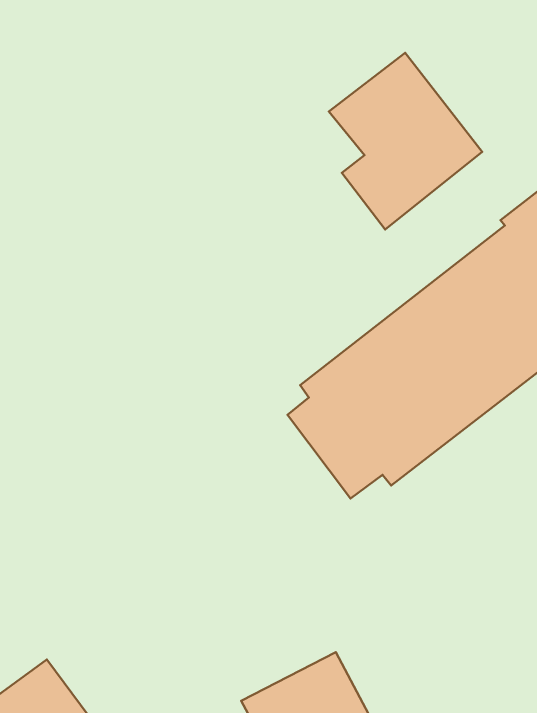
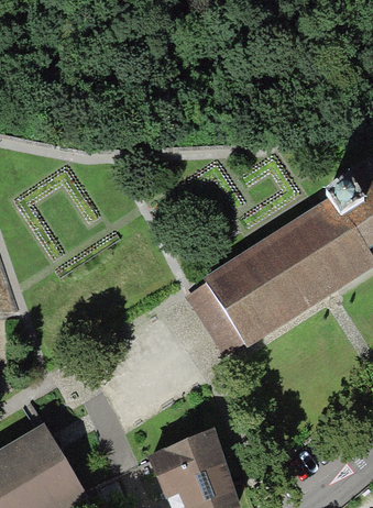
building: [329,53,482,229] -> none

